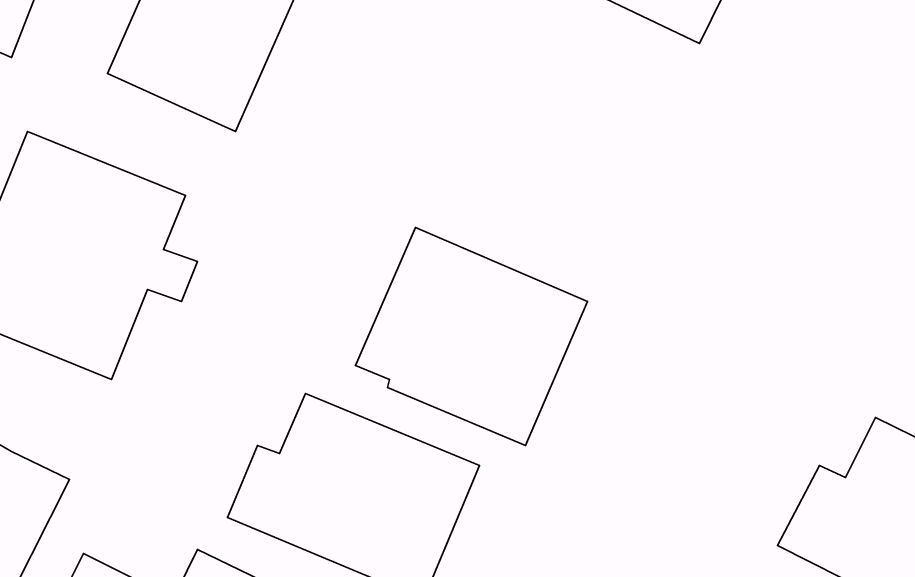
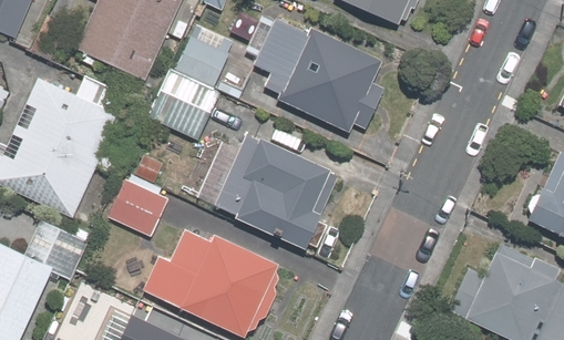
building: none -> [242,14,383,136]
building: none -> [145,22,238,142]
building: none -> [104,172,171,239]
building: none -> [20,214,91,281]

